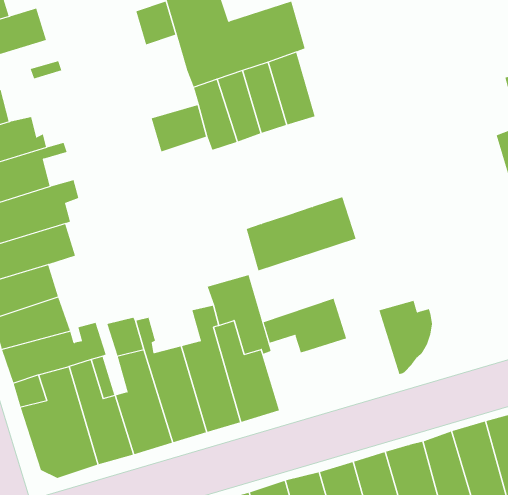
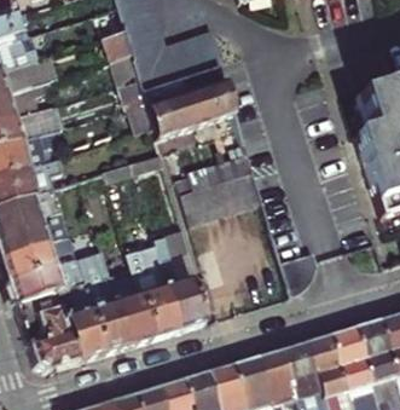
building: [263,298,347,353] -> none

